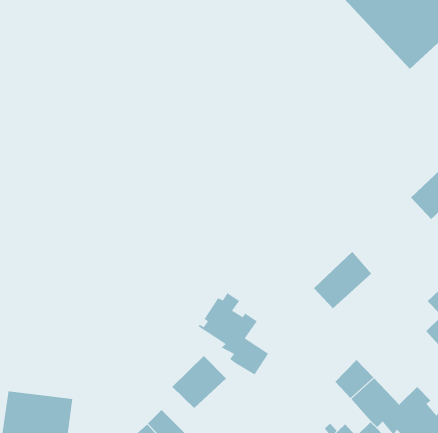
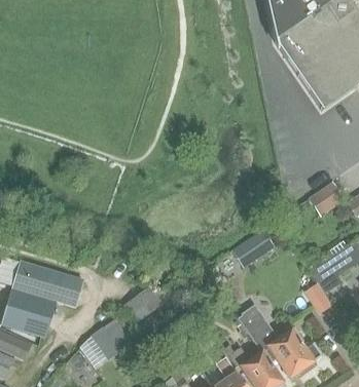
building: [197,292,269,376] -> none
building: none -> [11,261,82,306]

